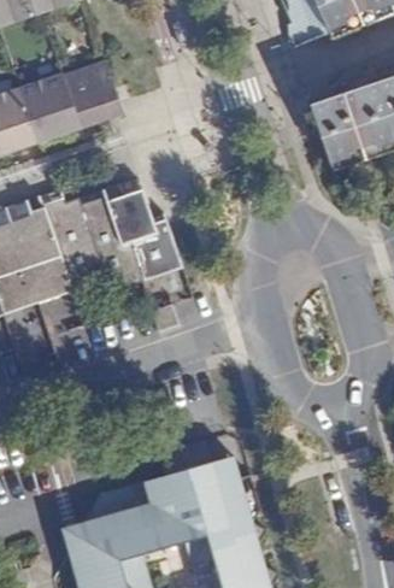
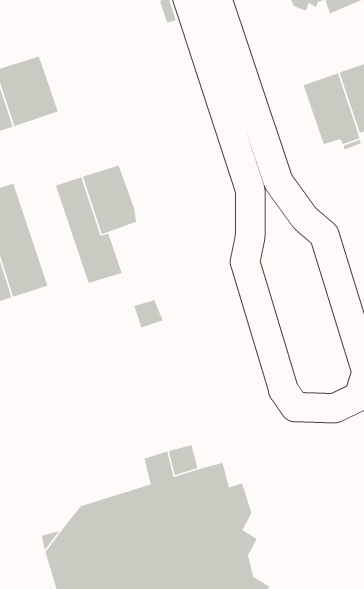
building: [63,61,123,129] -> none
building: [39,184,105,293] -> none
building: [128,214,182,281] -> none

